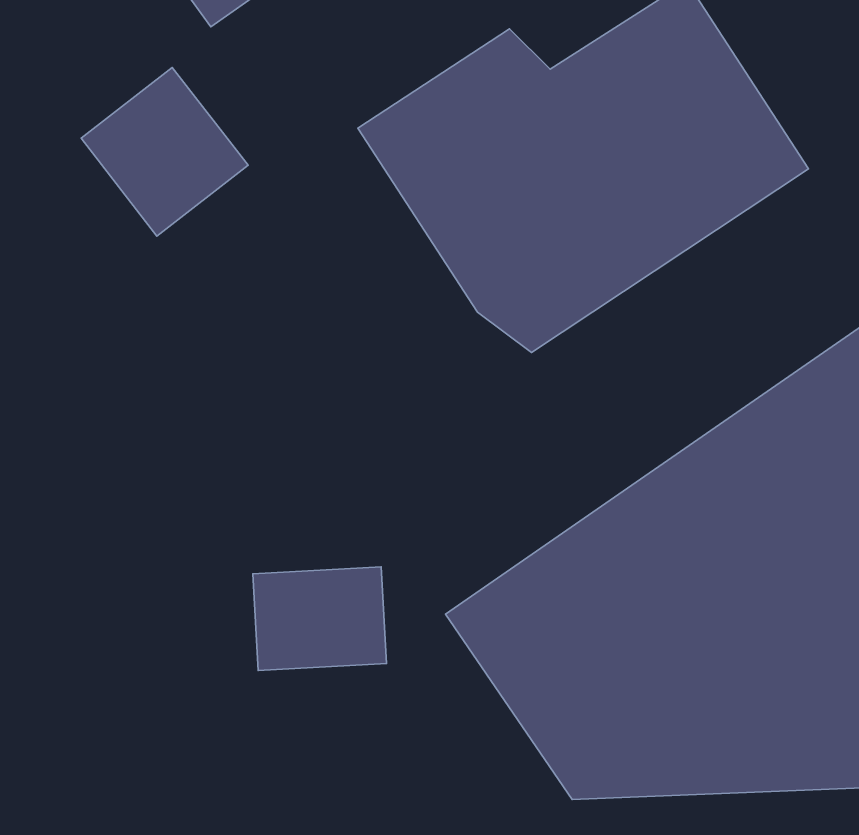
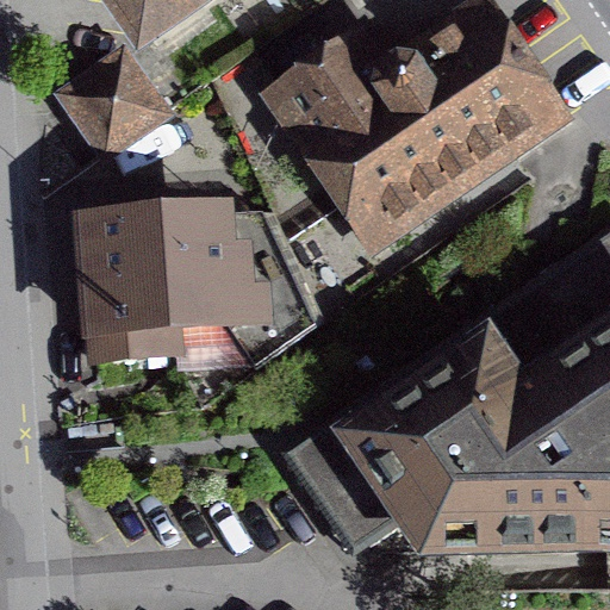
building: none -> [86,198,244,356]
building: [253,567,387,671] -> none

